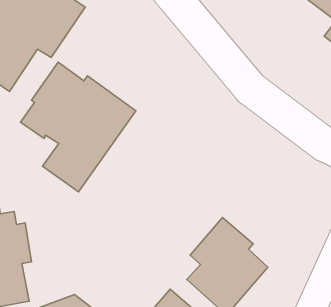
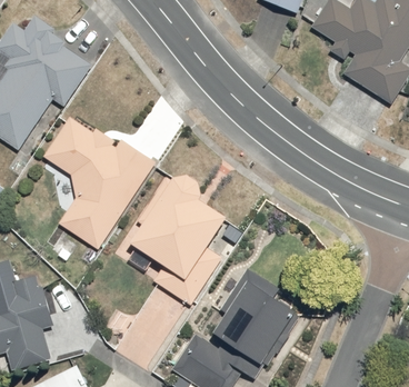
building: none -> [134,171,233,308]

